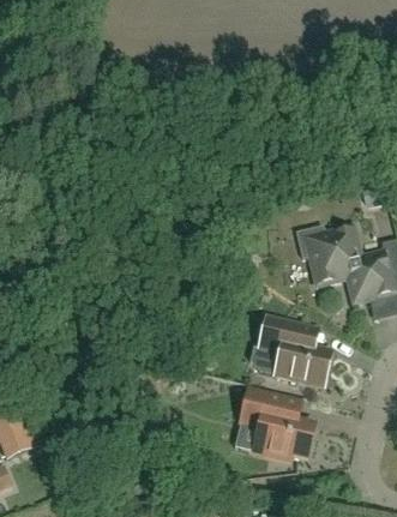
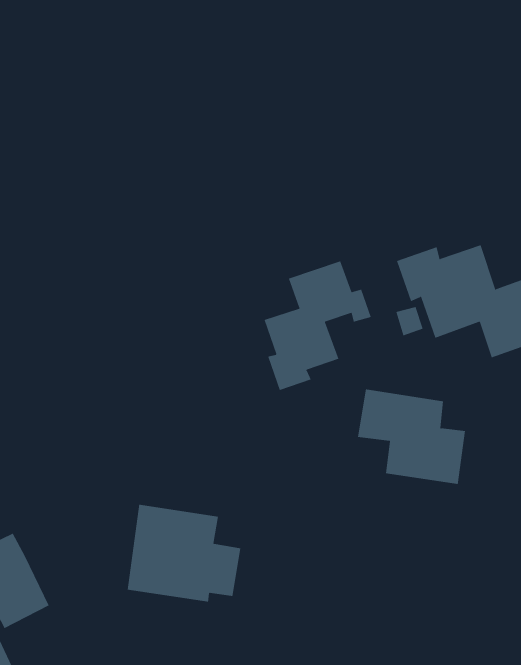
building: none -> [264,260,371,391]
building: [235,389,315,459] -> [127,504,241,602]

